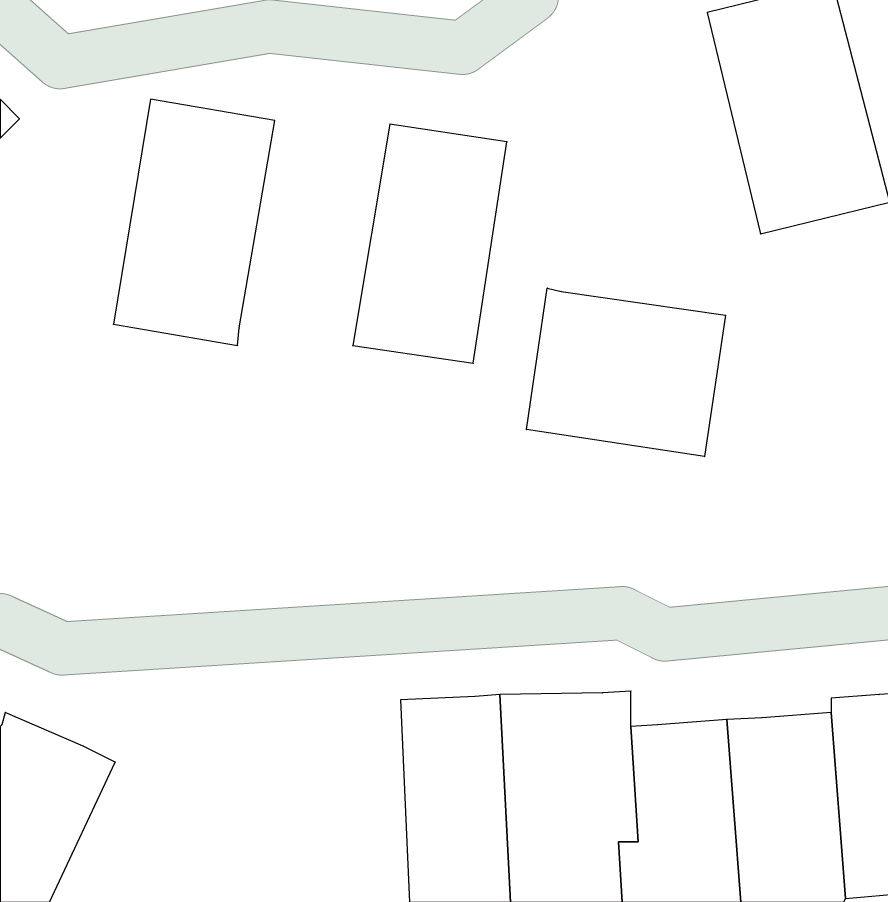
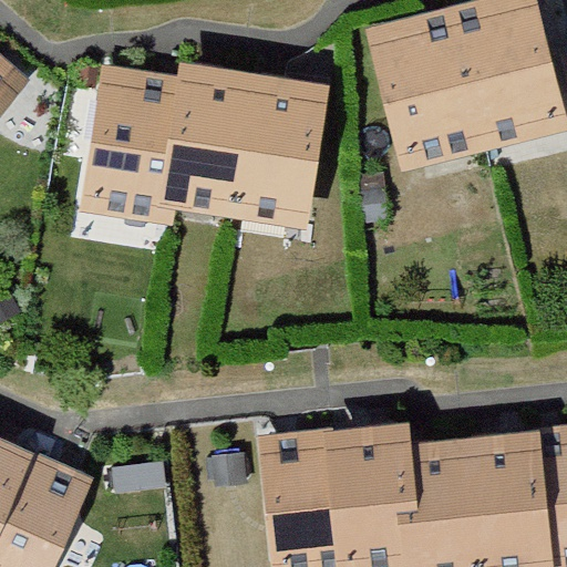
building: none -> [371,8,486,166]
building: none -> [161,66,255,216]
building: [526,288,726,457] -> none

